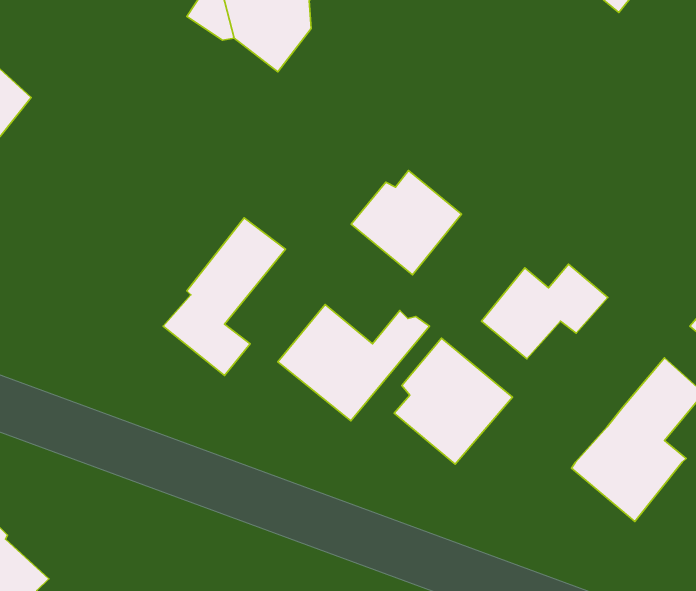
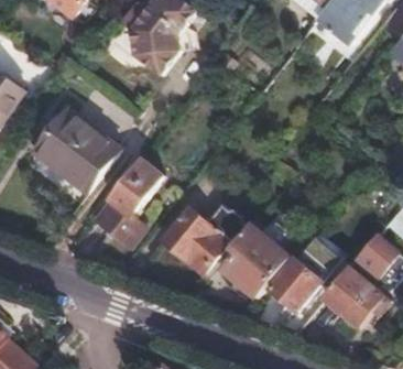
building: none -> [34,107,120,192]
building: [351,171,462,275] -> none
building: [482,264,608,359] -> [272,257,342,310]

